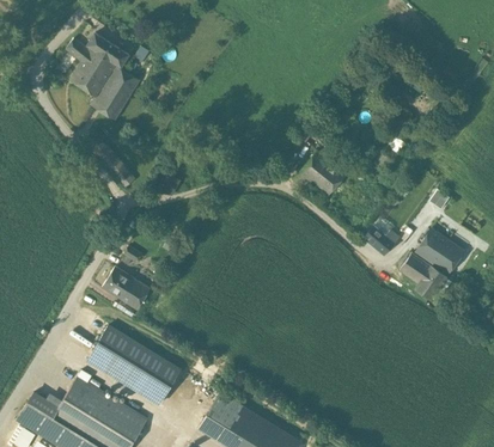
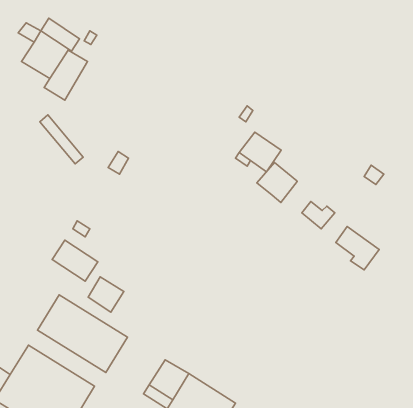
building: none -> [257,163,297,202]
building: [417,231,463,274] -> none
building: none -> [88,277,124,312]

